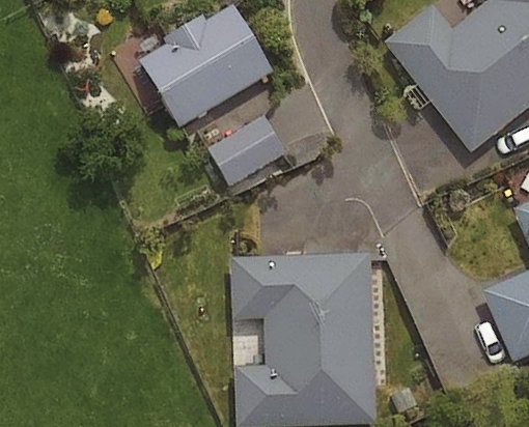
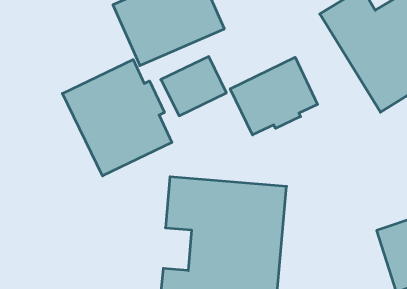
building: none -> [230,57,318,135]
building: none -> [62,60,172,176]

